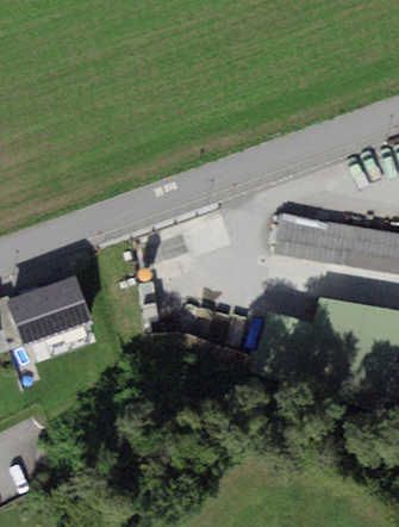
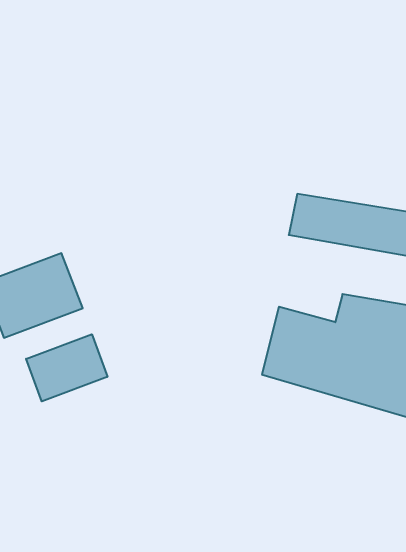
building: none -> [26,334,107,401]

